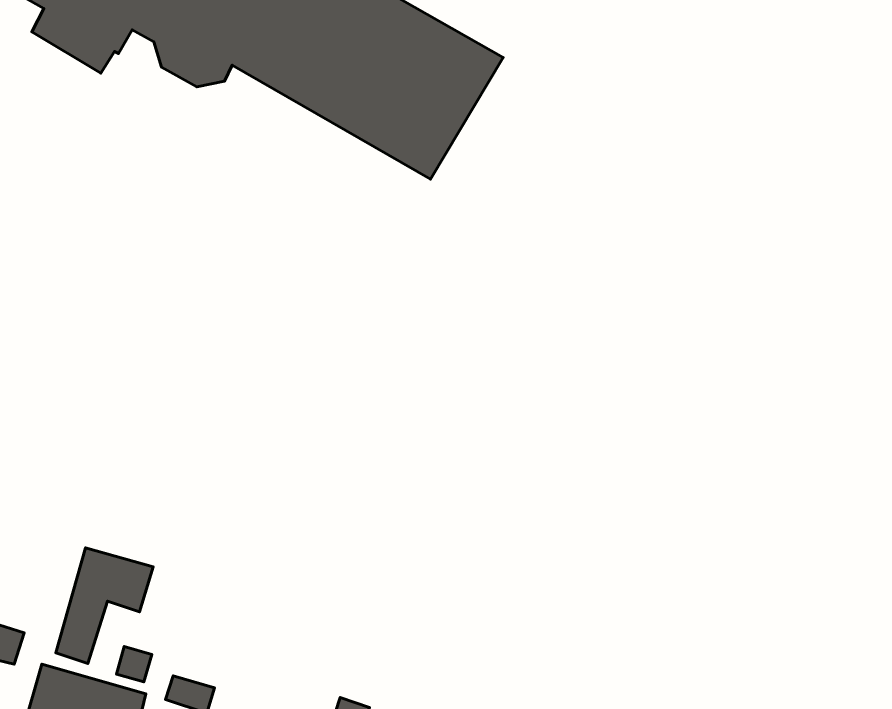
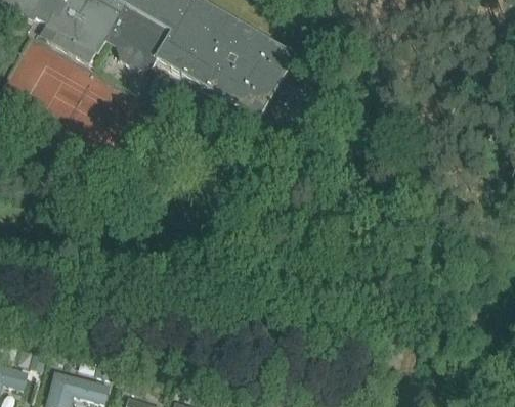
building: [56,548,153,663] -> none

